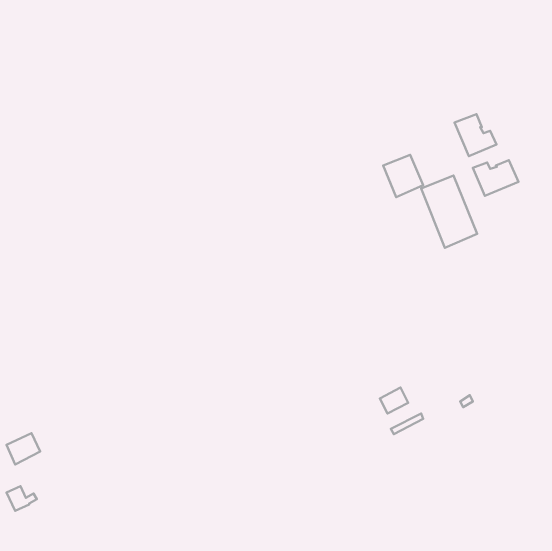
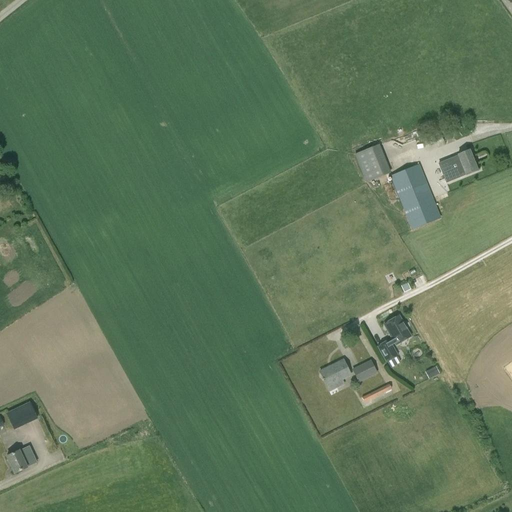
building: [455,114,496,156] -> none
building: none -> [377,314,412,361]
building: none -> [320,358,352,387]

